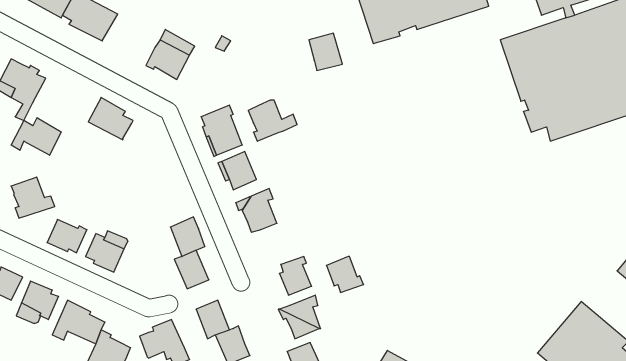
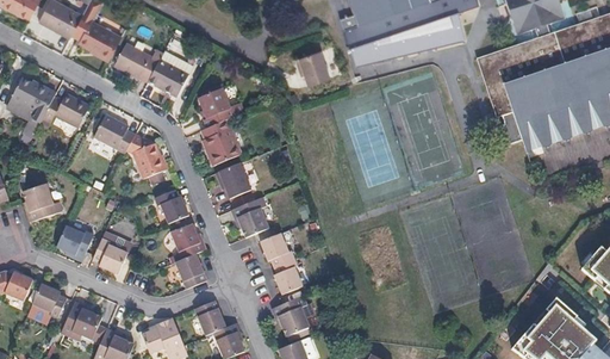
building: none -> [114,42,156,82]
building: [248,100,297,141] -> [197,89,242,128]
building: [11,118,61,155] -> [43,92,89,126]
building: none -> [126,136,166,180]
building: none -> [155,190,188,224]
building: [326,256,364,292] -> [260,234,294,267]

